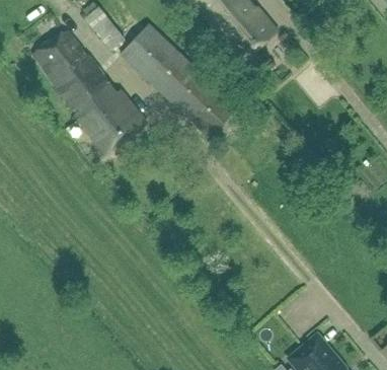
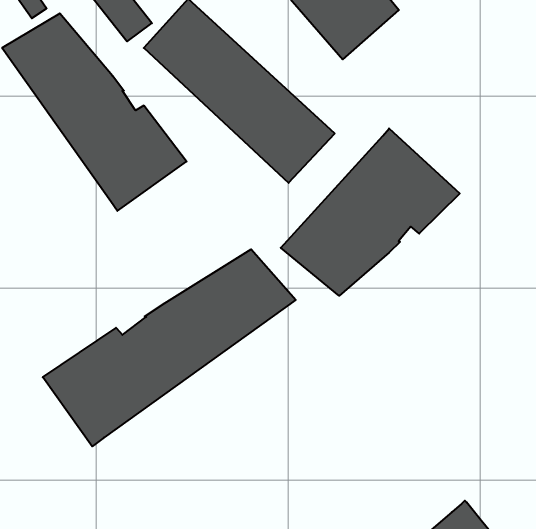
building: none -> [281,128,460,296]
building: none -> [43,249,296,446]

